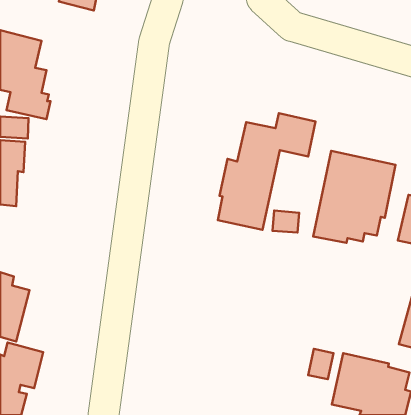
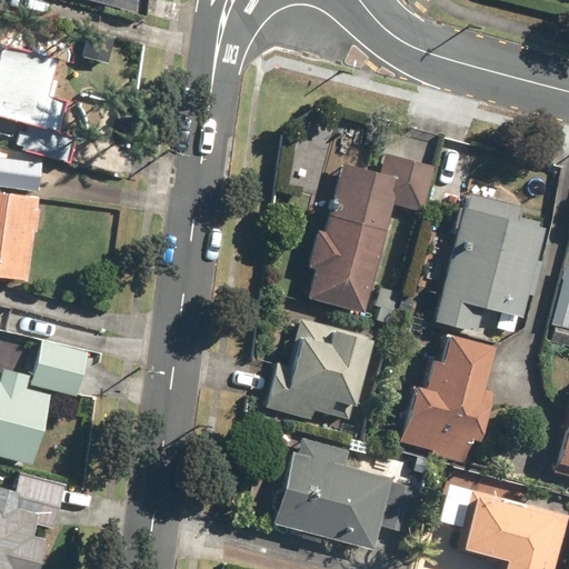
building: none -> [267,321,369,428]
building: none -> [396,333,490,459]
building: none -> [30,339,89,397]
building: none -> [264,432,425,552]

